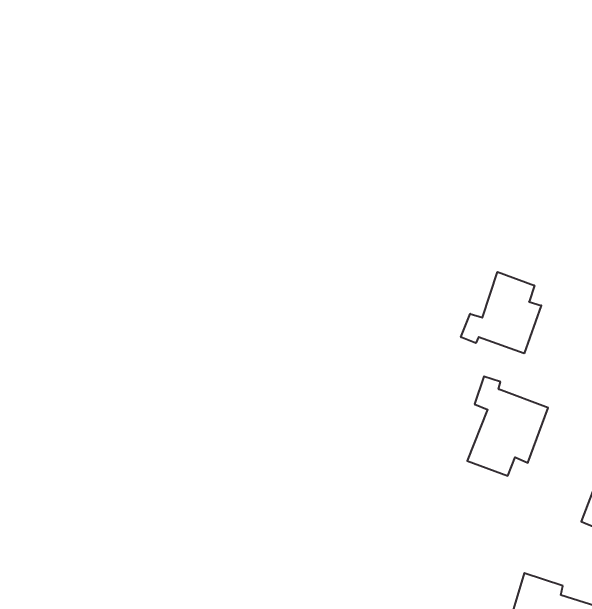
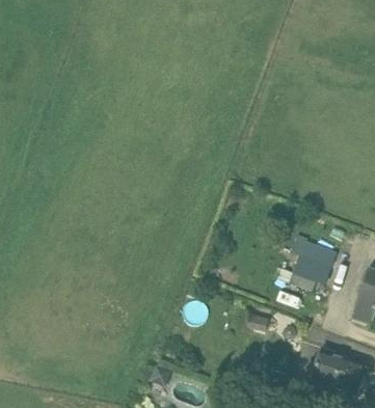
building: [461,272,541,353] -> none

